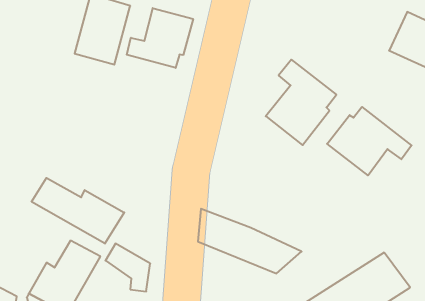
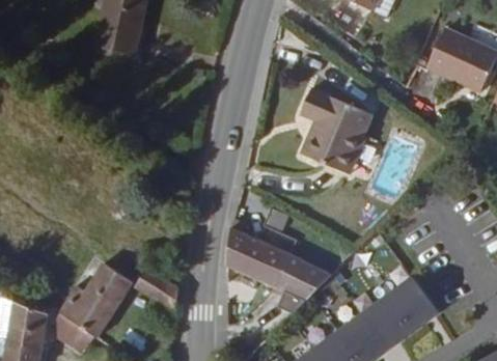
building: [127,8,193,68] -> none
building: [327,107,412,175] -> none
building: [32,178,124,244] -> none

